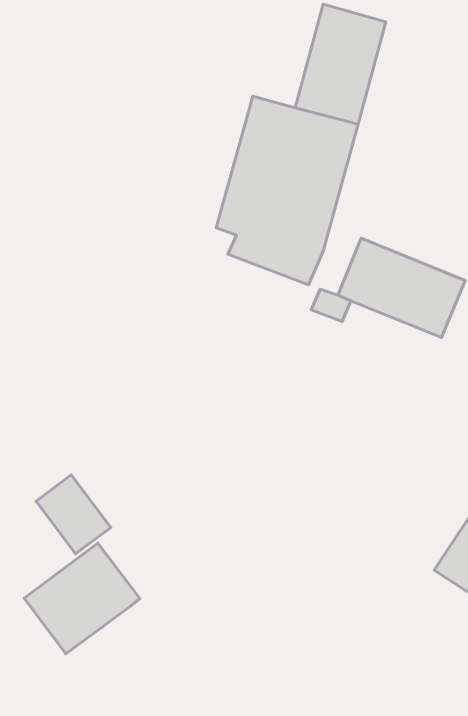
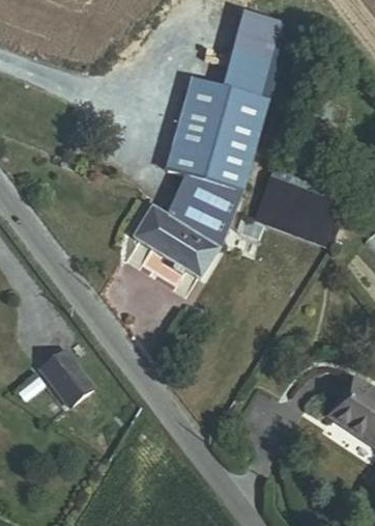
building: none -> [135,192,233,279]
building: [24,543,140,654] -> none

